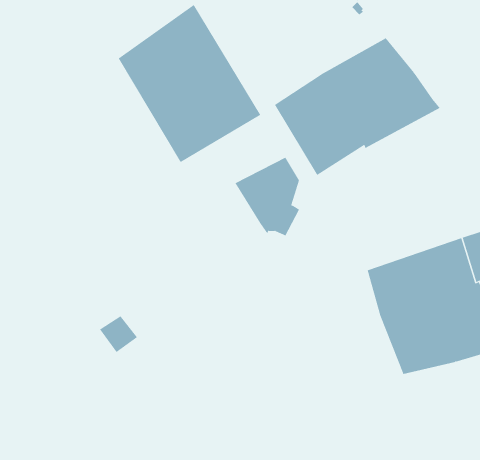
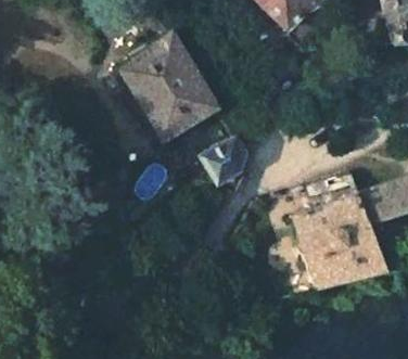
building: [274,38,441,176] -> none

